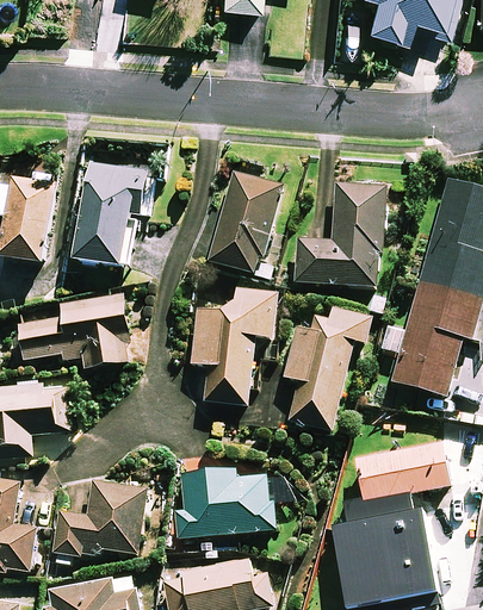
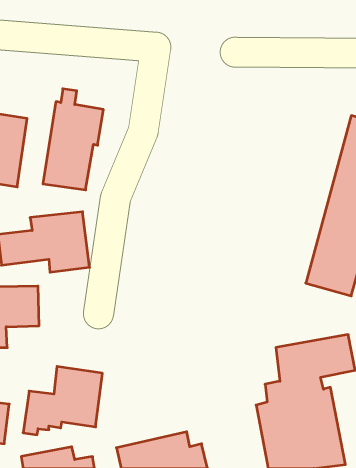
building: [208,170,283,278] -> none
building: [295,181,385,287] -> none
building: [192,287,278,404] -> none
building: [284,307,371,430] -> none
building: [180,469,291,536] -> none

